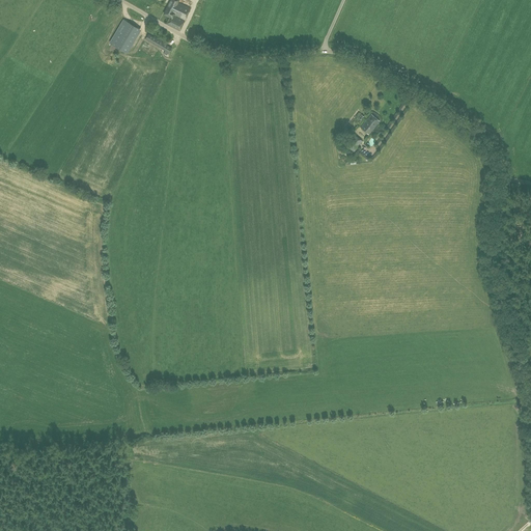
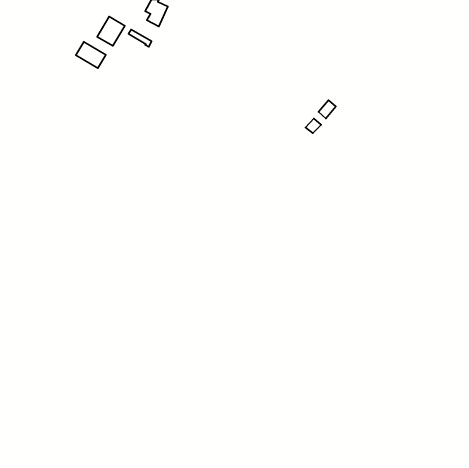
building: none -> [76,42,106,68]

